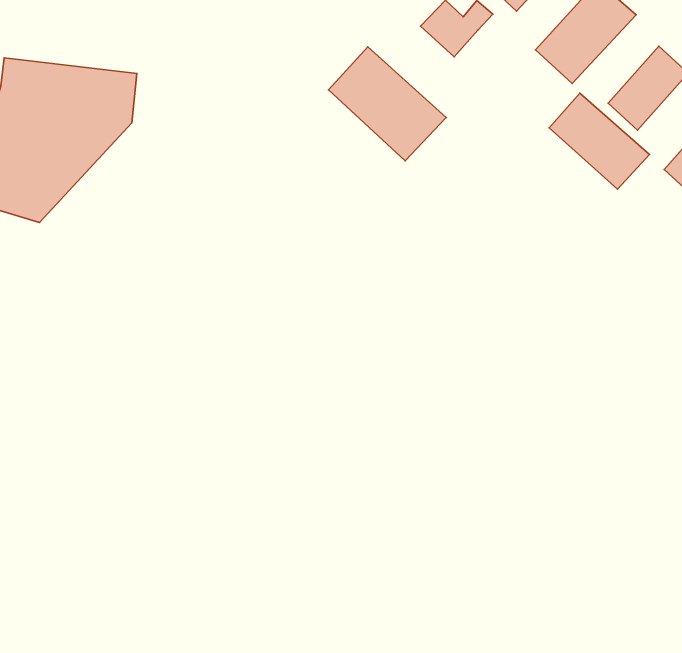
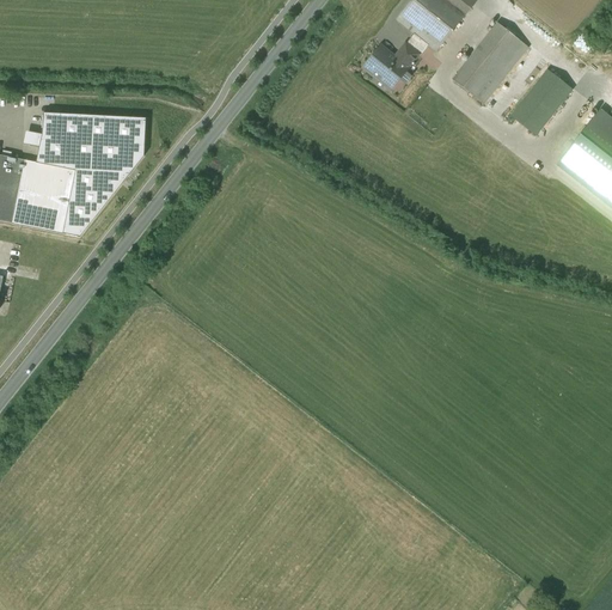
building: [328,47,446,161] -> none
building: [549,93,650,189] -> none

